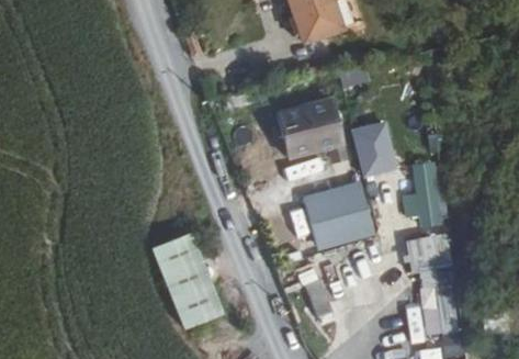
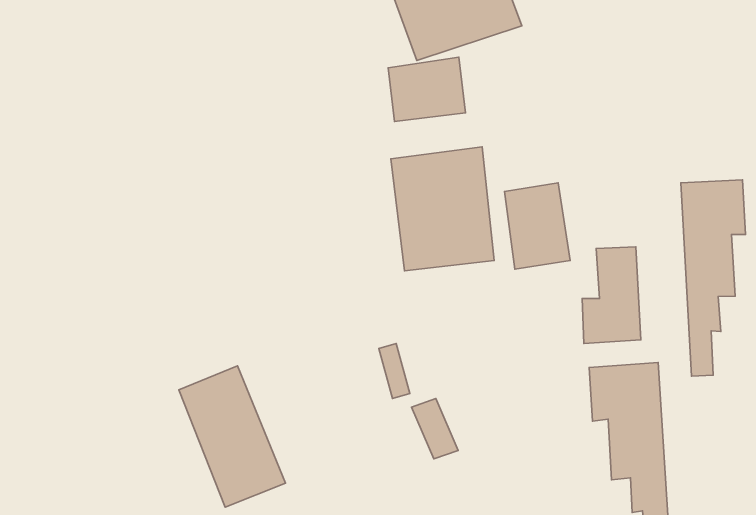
building: none -> [388,57,466,122]
building: none -> [681,180,745,376]
building: [303,181,376,251] -> none

